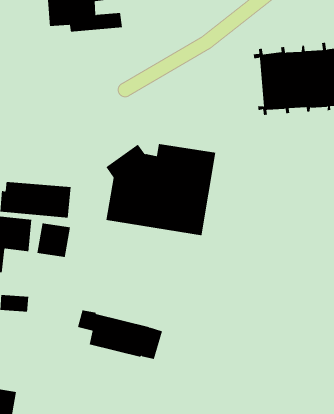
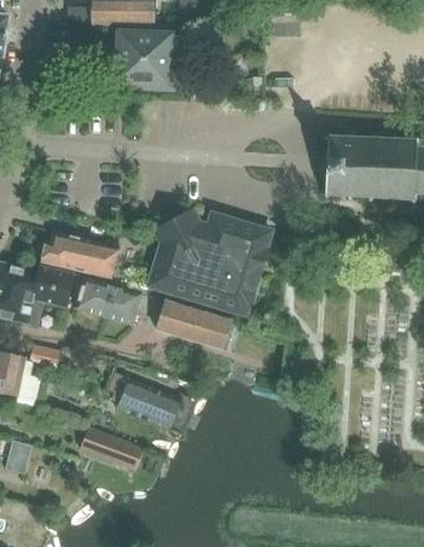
building: none -> [103,286,141,325]
building: none -> [156,302,231,350]
building: none -> [80,429,143,470]

